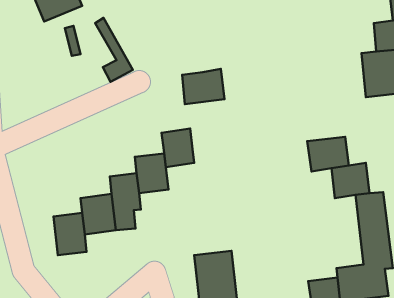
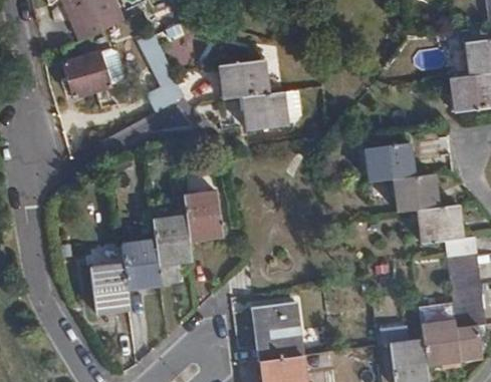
building: none -> [63,48,111,94]
building: none -> [217,64,266,102]
building: none -> [362,141,412,180]
building: [162,128,194,167] -> none

